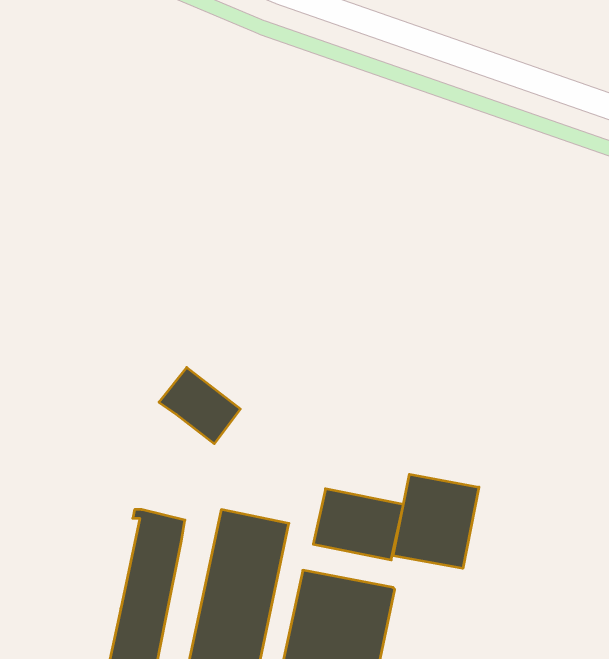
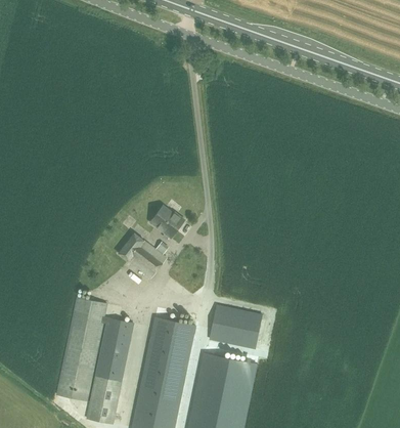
building: none -> [150,206,184,238]
building: [393,474,479,568] -> none
building: none -> [56,298,106,401]

